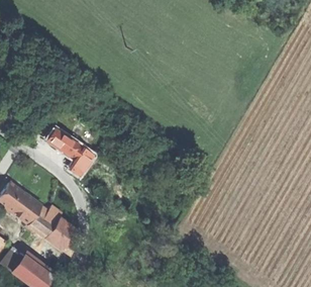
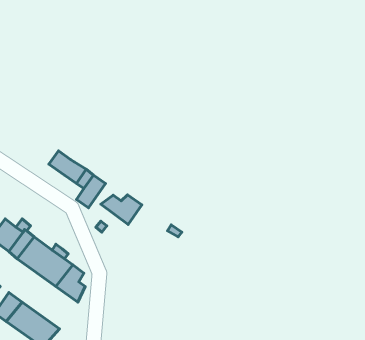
building: none -> [101,195,142,224]

